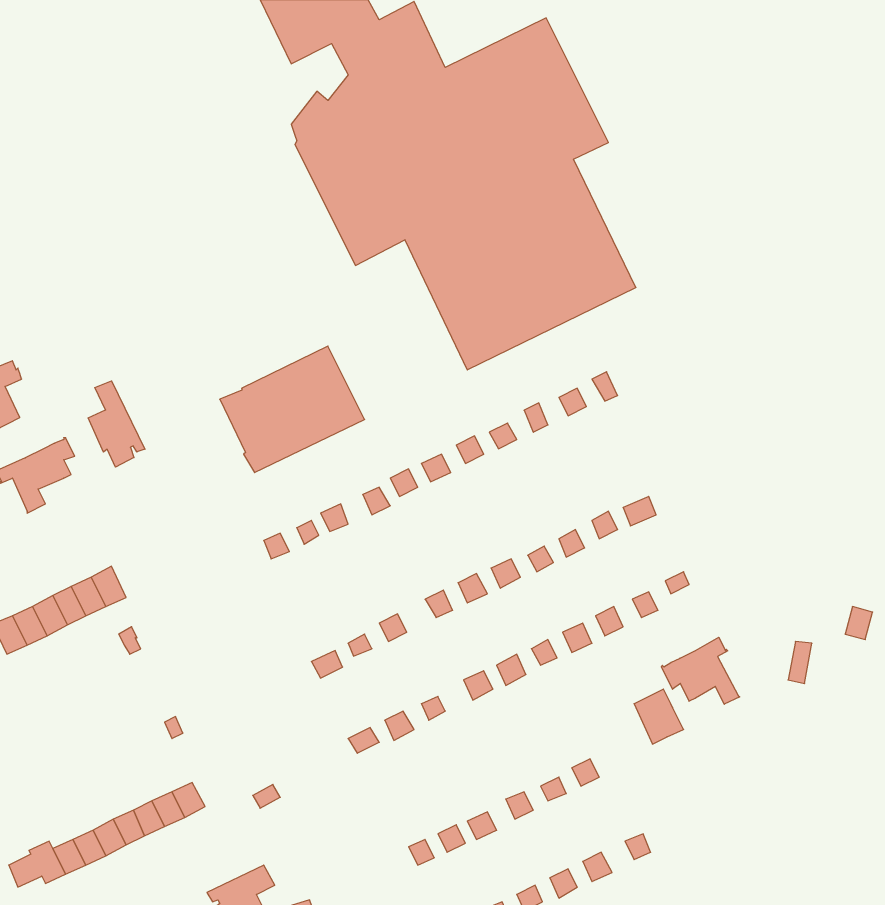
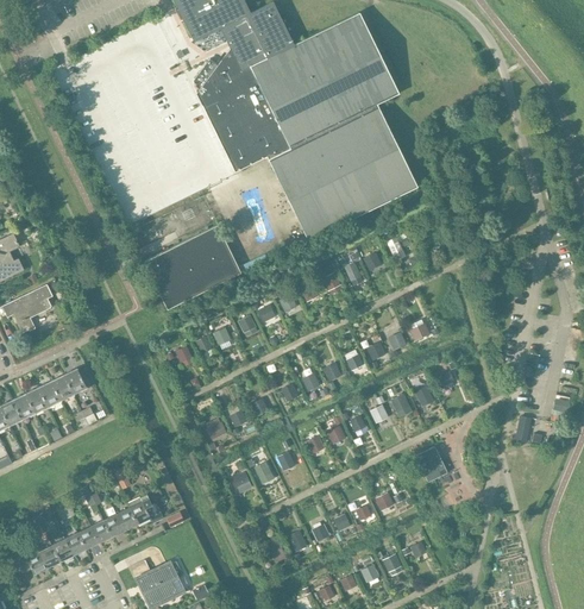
building: [88,381,145,467] -> none
building: [662,637,740,704] -> none
building: none -> [127,495,164,523]

